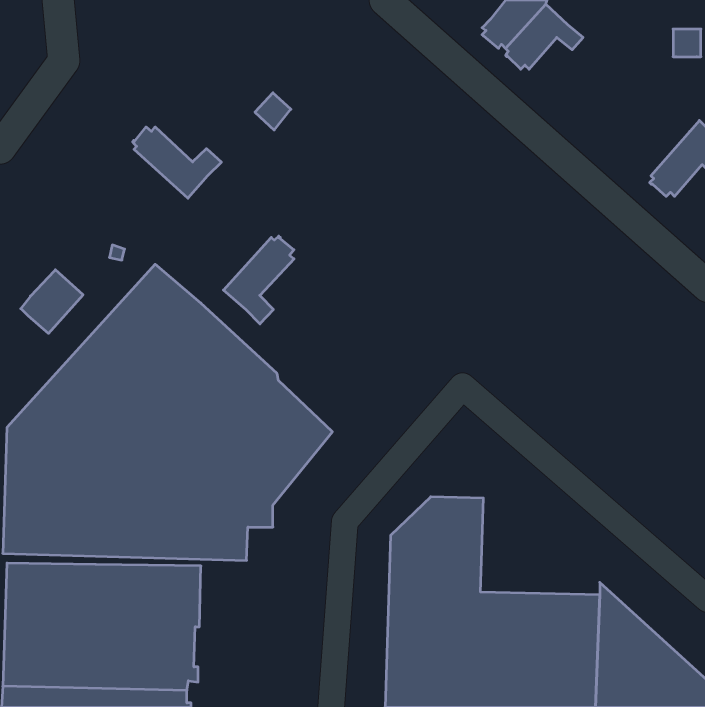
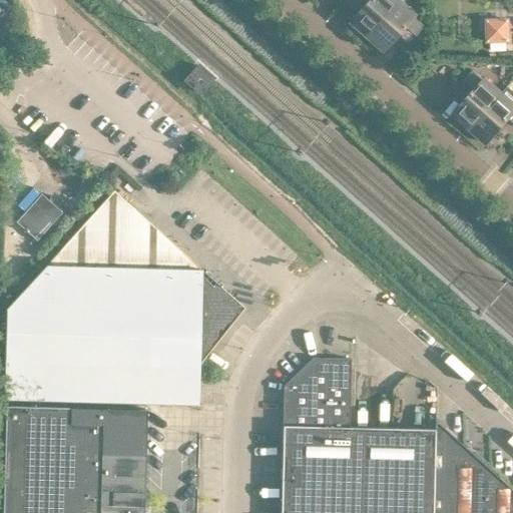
building: none -> [456,71,501,127]
building: [133,127,221,198] -> none
building: [223,236,294,324] -> none

